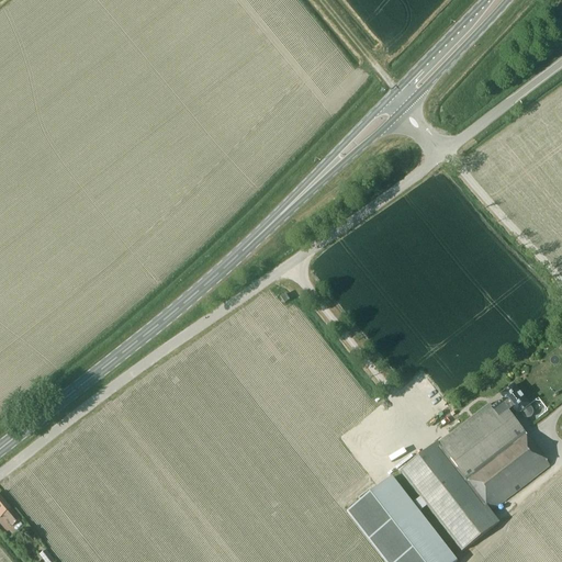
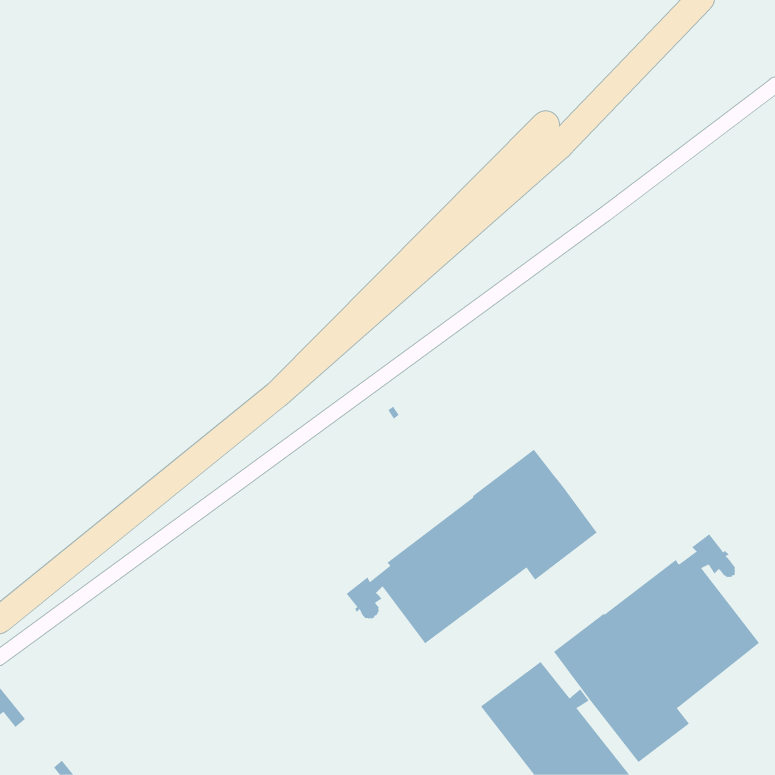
building: none -> [346,449,597,644]

